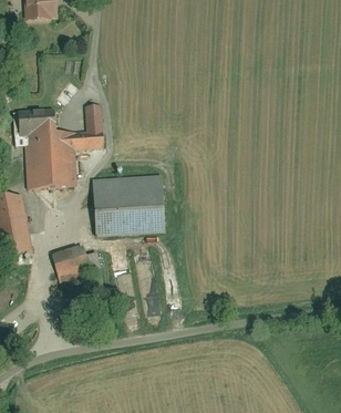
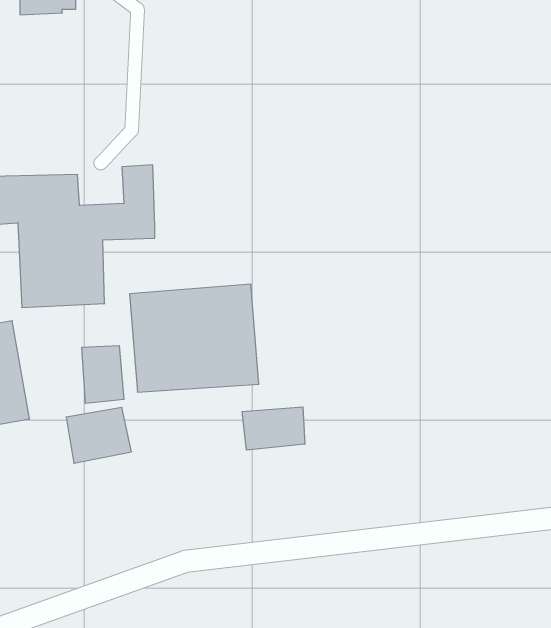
building: none -> [82,346,124,403]
building: none -> [242,407,305,450]

